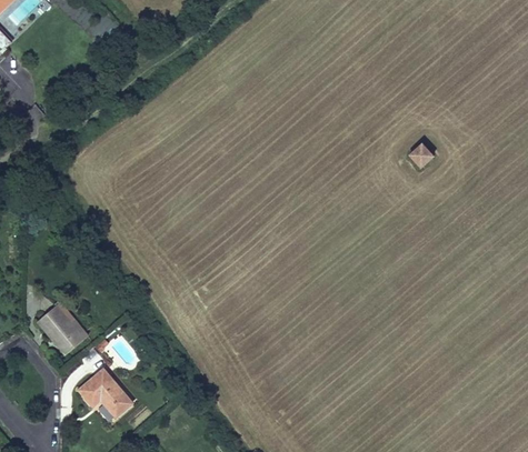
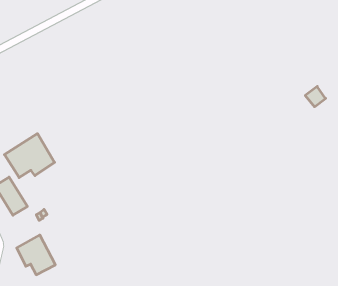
building: none -> [4,134,55,178]

